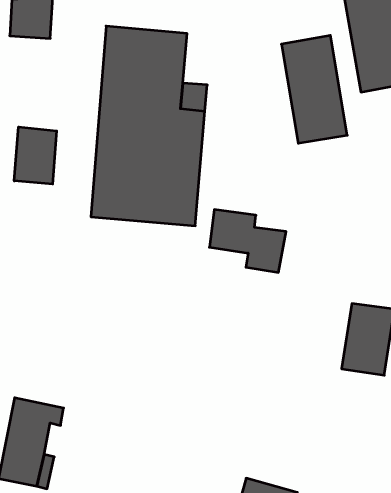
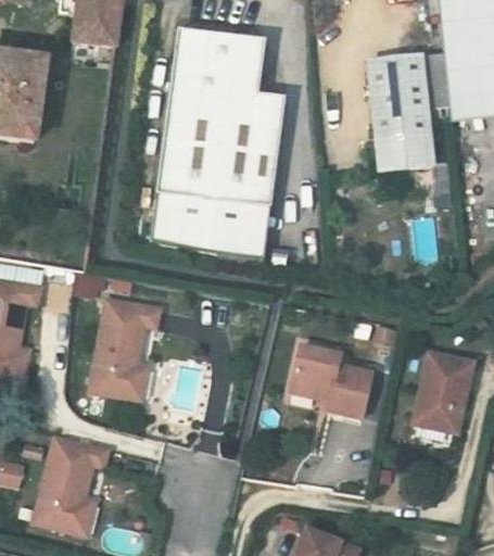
building: [14,127,57,184] -> none
building: [209,210,286,272] -> [292,340,376,412]
building: none -> [89,299,161,396]

